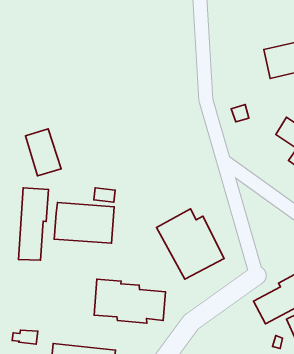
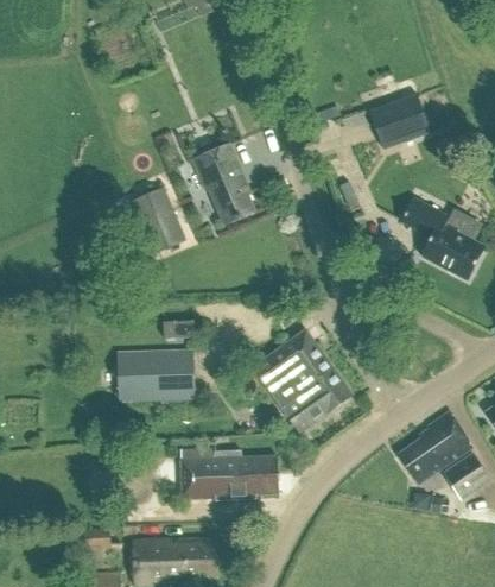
building: none -> [192,145,255,223]
building: [26,129,61,176] -> [132,188,185,253]
building: [19,188,48,260] -> none

